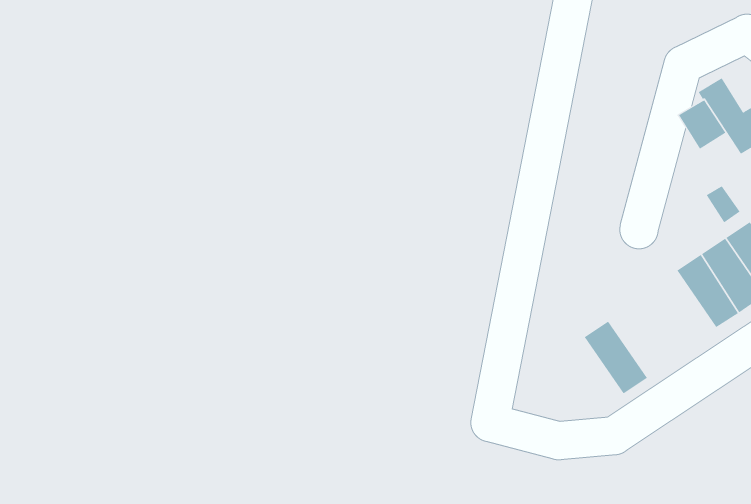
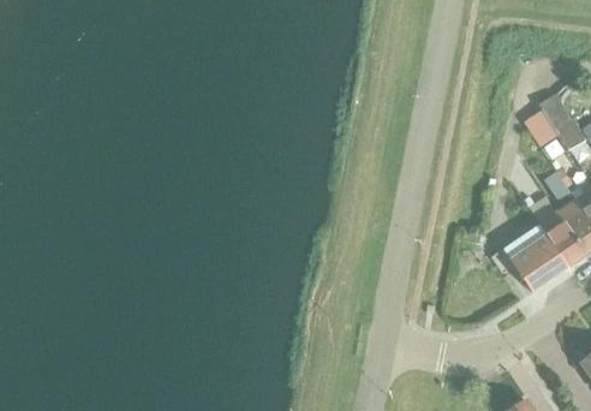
building: [584,321,648,394] -> [505,234,551,288]

